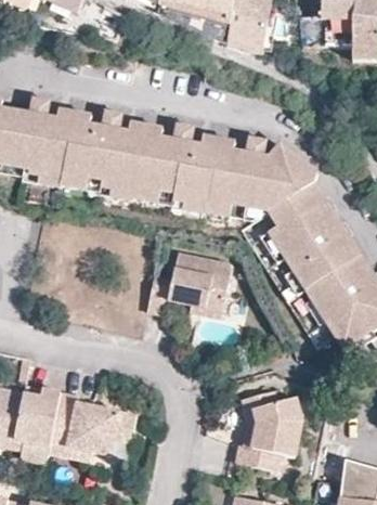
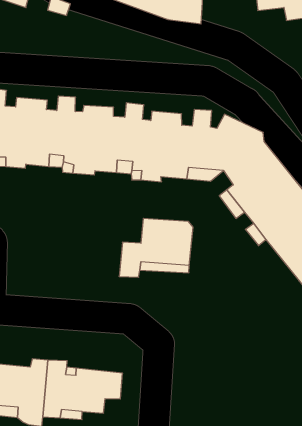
building: [236,392,302,471] -> none

